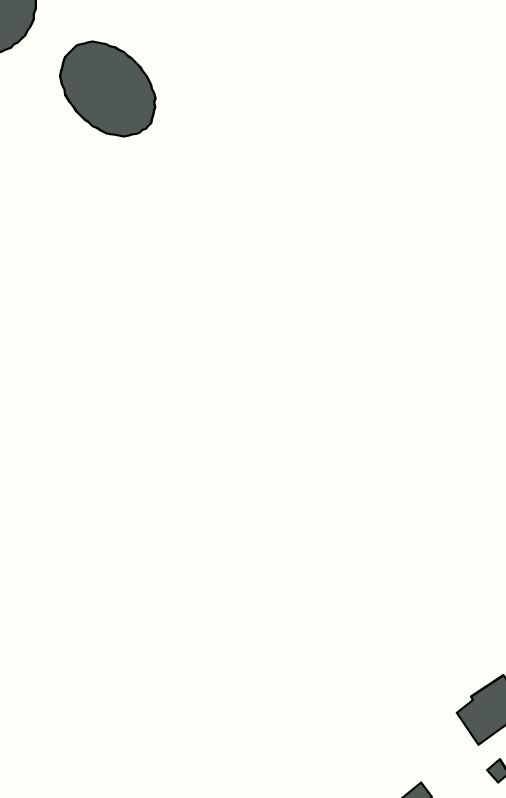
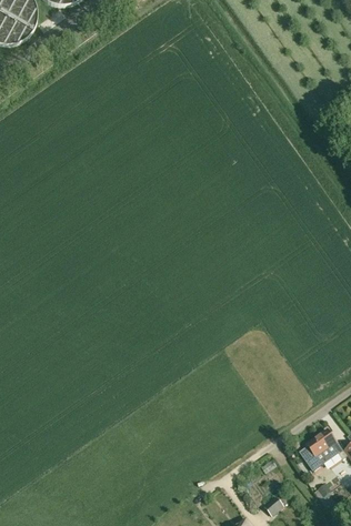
building: [60,42,155,136] -> none

